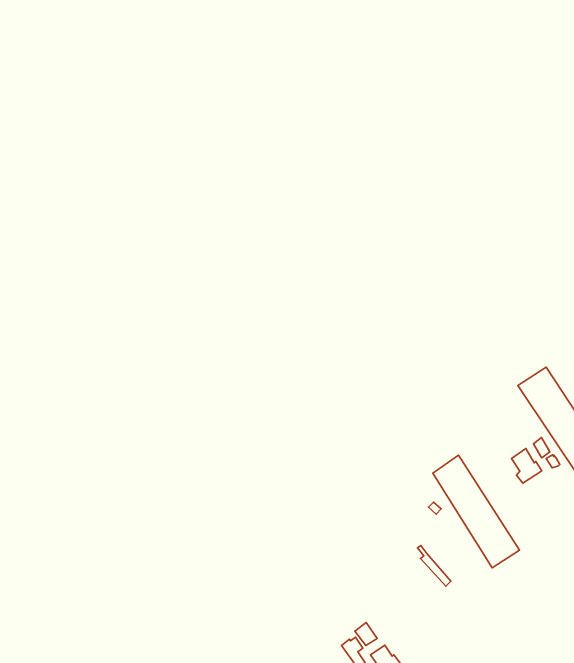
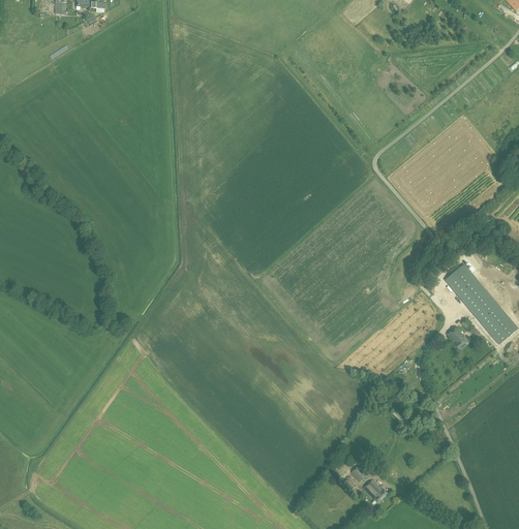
building: [433,455,519,568] -> none

